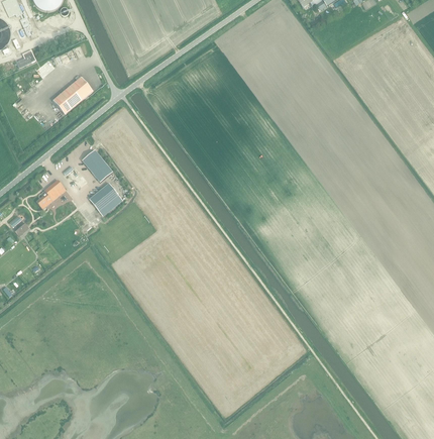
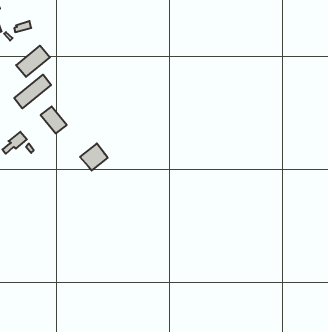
building: none -> [14,75,51,108]
building: [89,183,122,215] -> [80,143,108,171]

